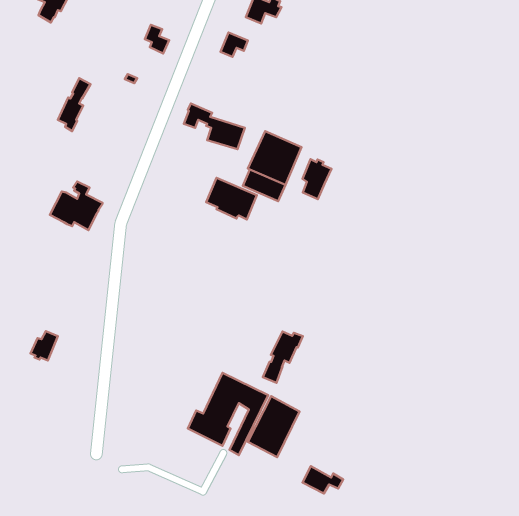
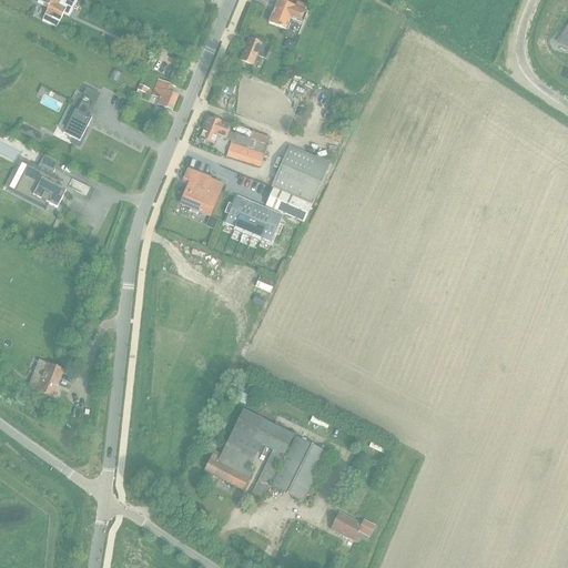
building: [145,25,169,53] -> [152,77,179,108]
building: none -> [181,164,220,216]
building: [303,159,331,199] -> none
building: [50,181,103,230] -> [14,152,72,205]
building: [263,331,303,383] -> none

